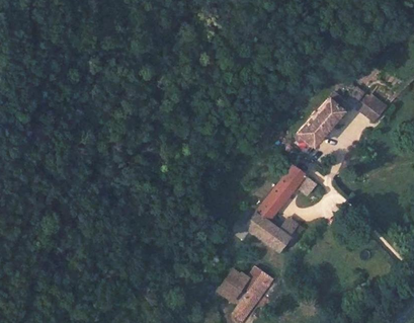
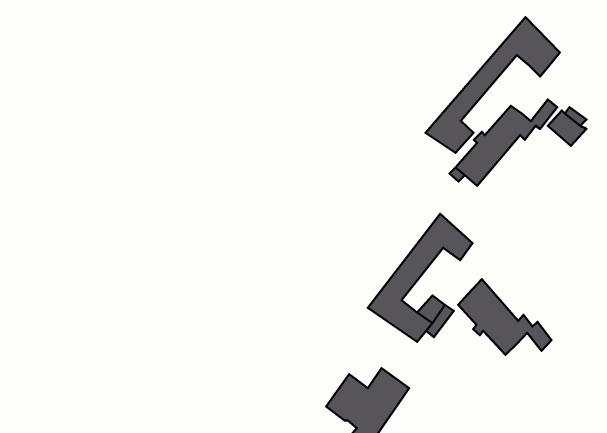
building: none -> [425,17,560,153]
building: none -> [458,279,552,355]

